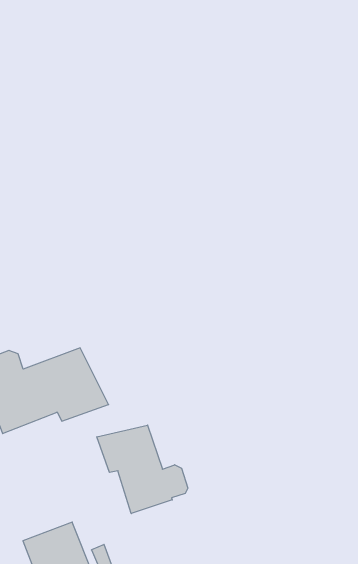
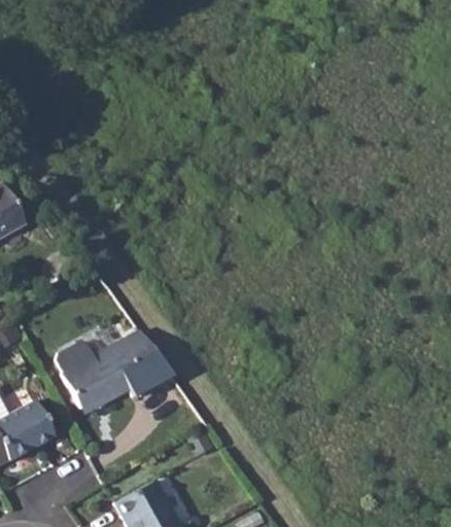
building: [97,425,188,514] -> none

